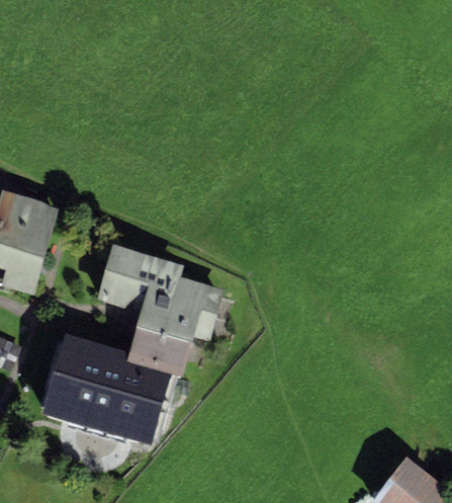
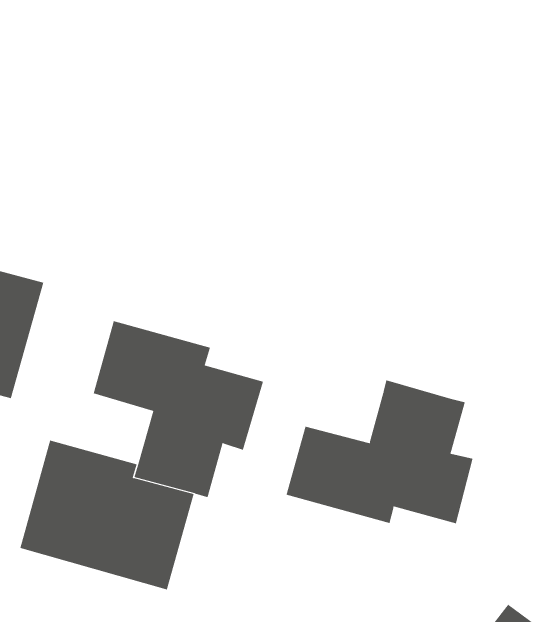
building: none -> [286,379,473,524]

